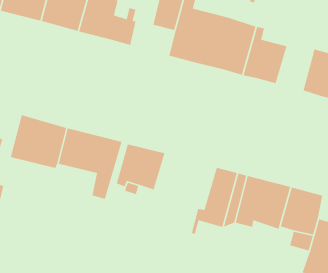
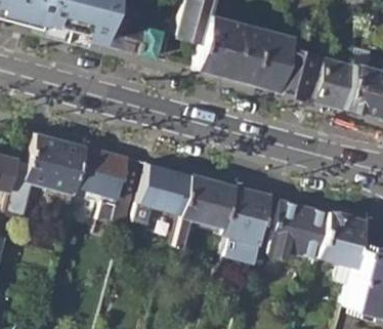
building: none -> [312,57,352,107]
building: none -> [168,174,247,264]

